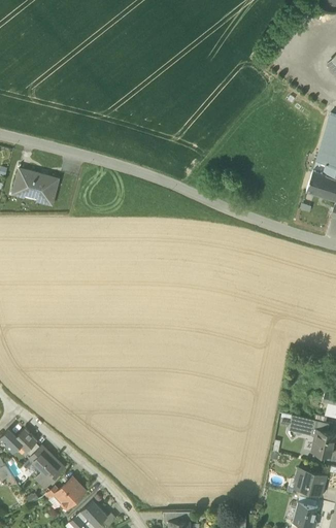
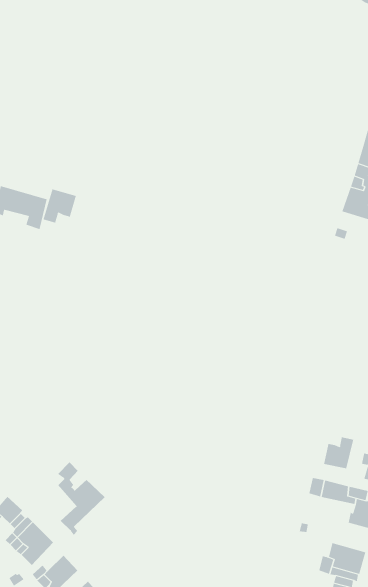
building: none -> [43,189,76,224]
building: none -> [324,437,354,469]
building: none -> [57,462,105,536]

